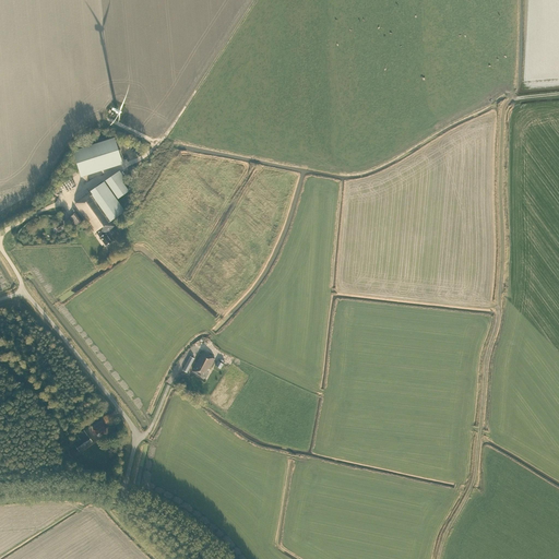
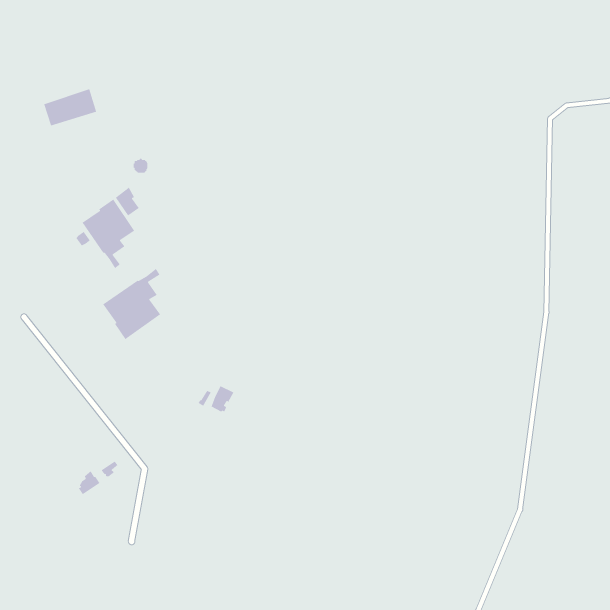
building: [72,139,121,174] -> [43,88,97,127]
building: none -> [102,268,161,340]

